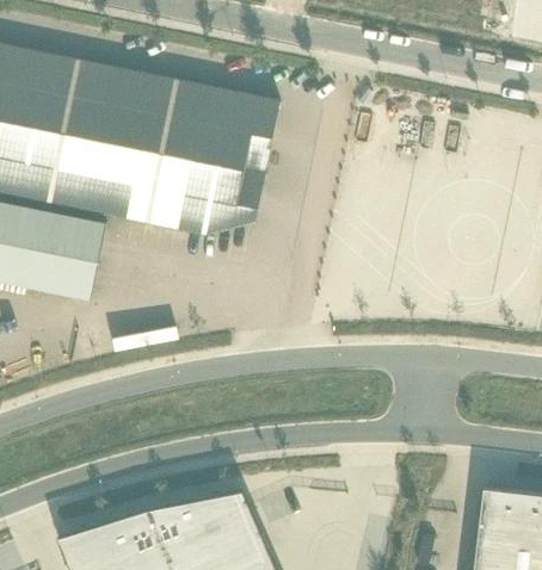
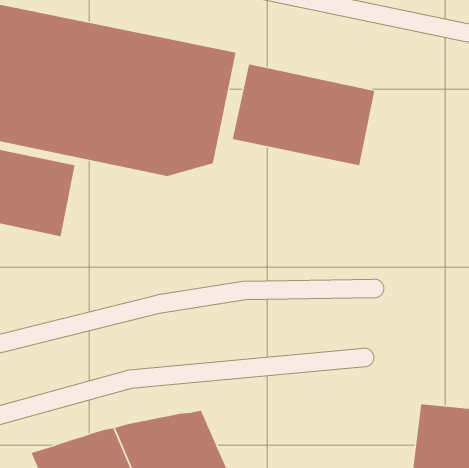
building: none -> [232,64,375,166]

